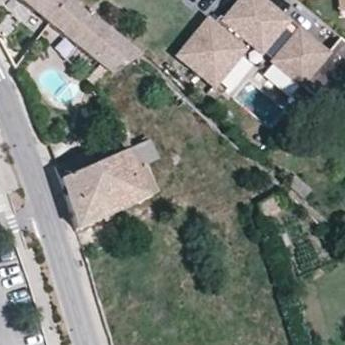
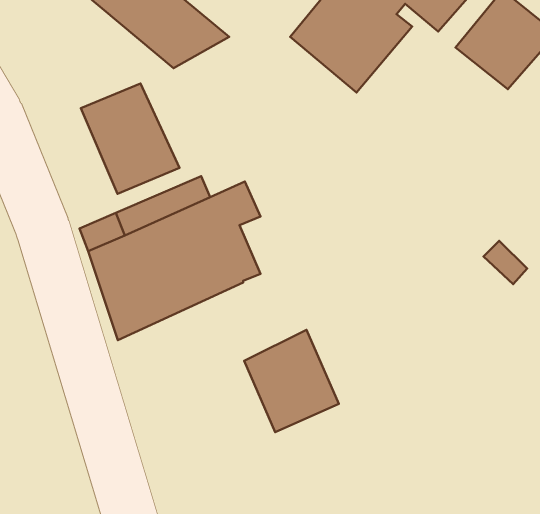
building: none -> [81,83,179,194]
building: none -> [244,330,339,432]

